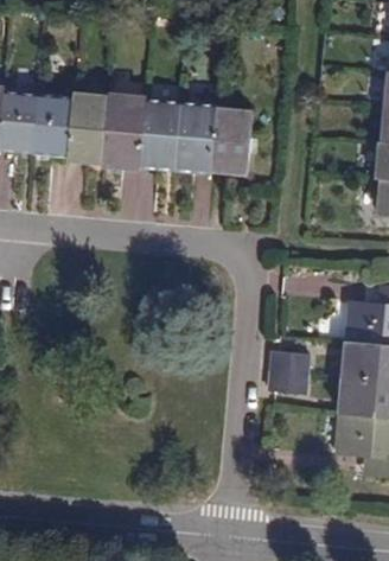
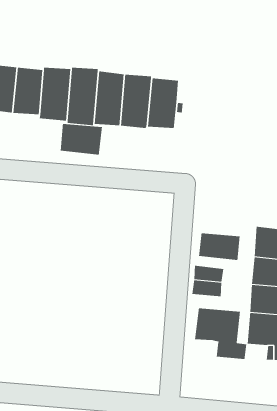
building: none -> [60,123,102,155]
building: none -> [198,233,240,261]
building: none -> [194,308,247,360]

